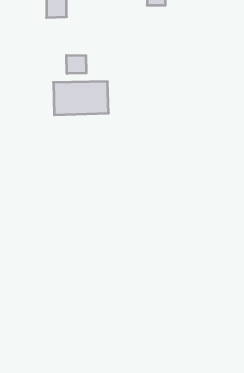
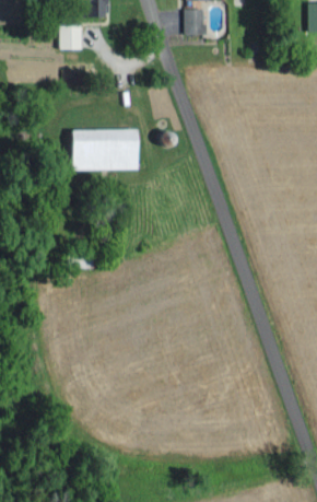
building: [66,55,86,74] -> none

